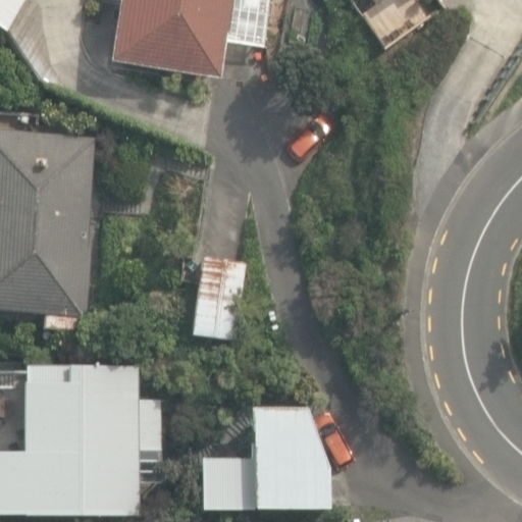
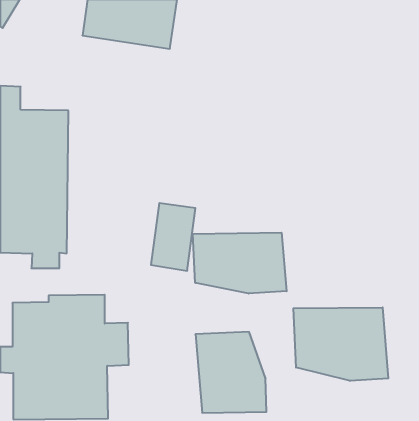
building: none -> [193,233,287,294]
building: none -> [293,307,388,381]

